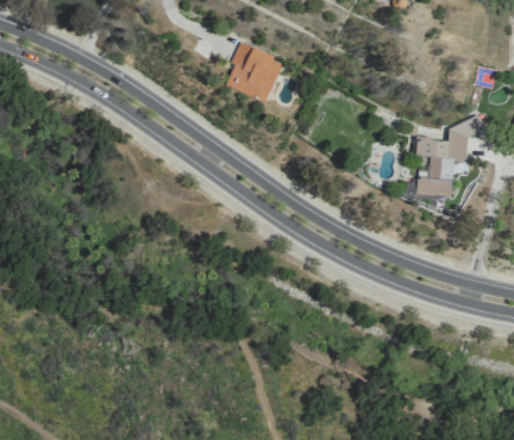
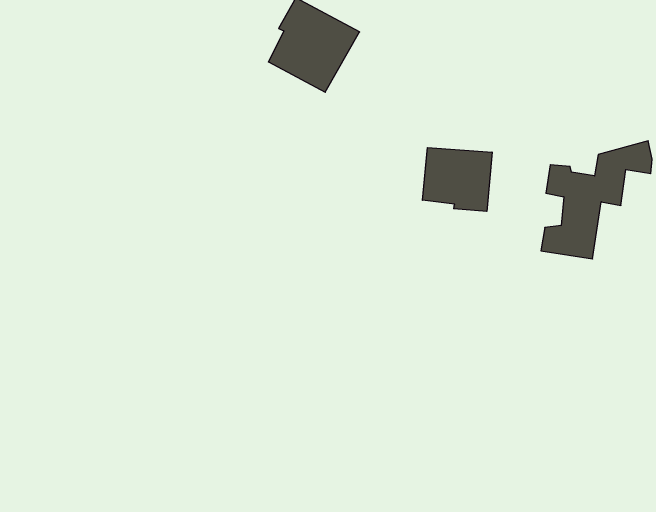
building: none -> [422,148,492,211]

